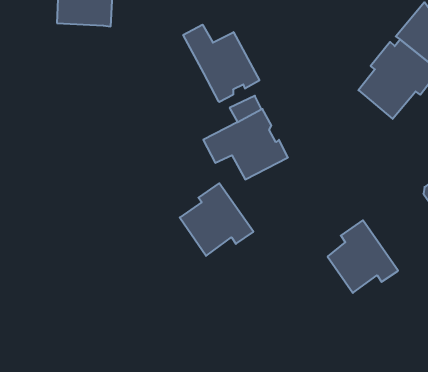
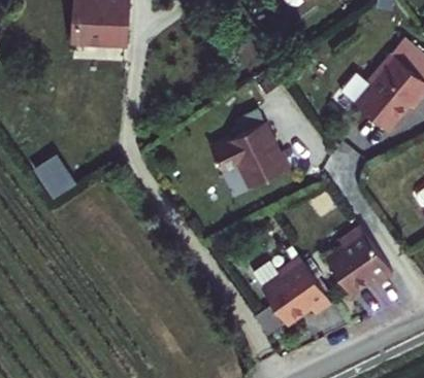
building: [183,25,259,102] -> none
building: none -> [33,154,75,200]
building: [180,183,253,256] -> [263,256,332,324]

